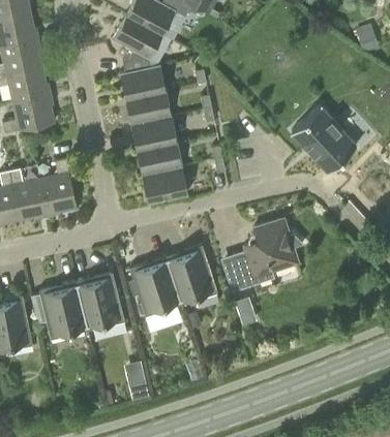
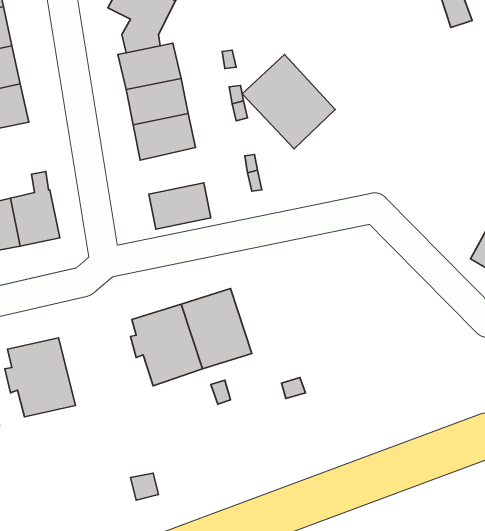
building: [290,106,358,176] -> [242,54,335,149]
building: [136,143,182,177] -> none
building: [232,220,303,288] -> none
building: [76,273,124,332] -> none

